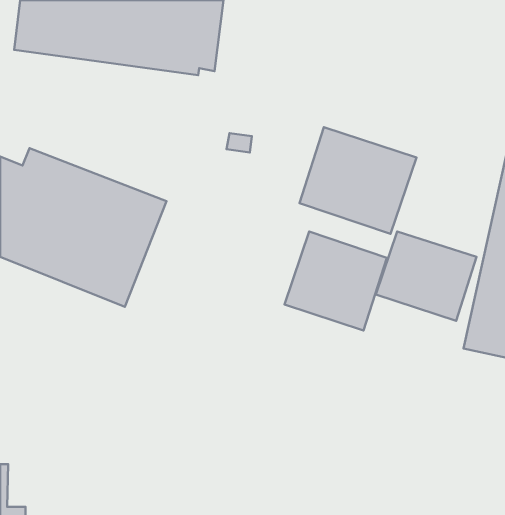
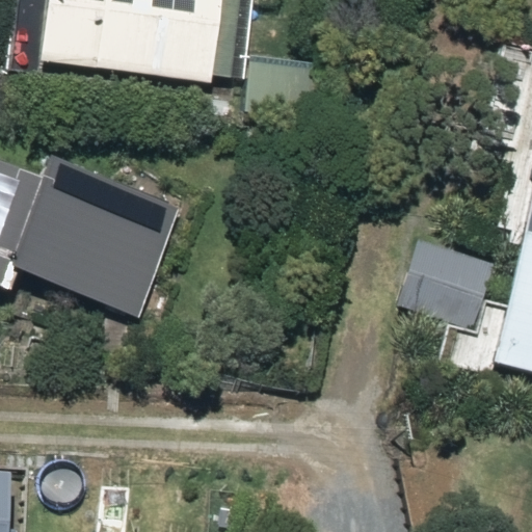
building: [300,127,417,234] -> none
building: [284,232,387,331] -> none

